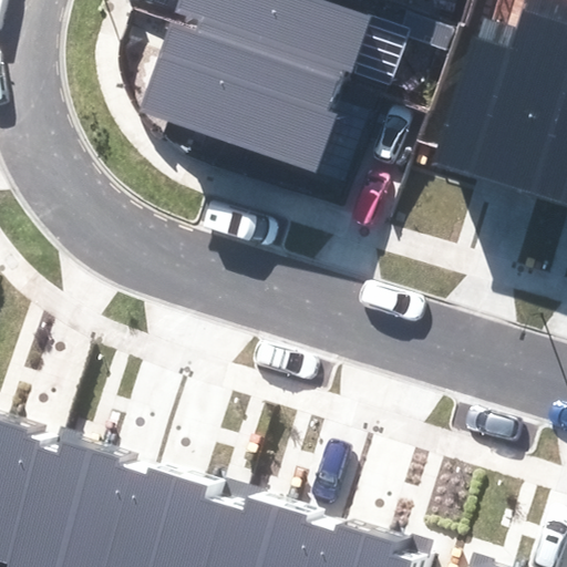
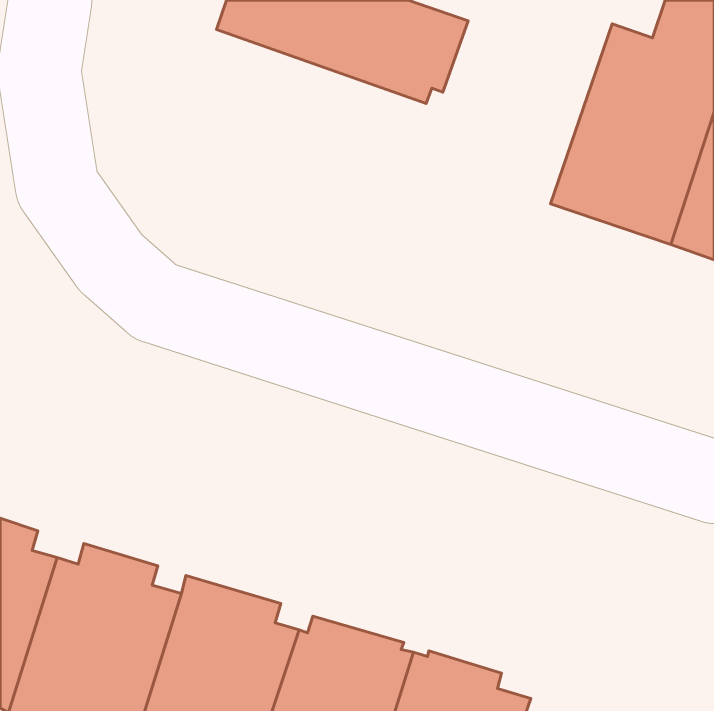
building: [141,25,339,175] -> none

